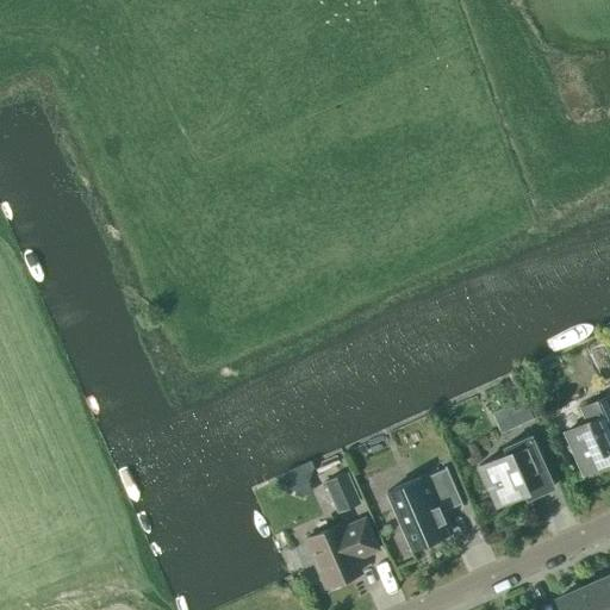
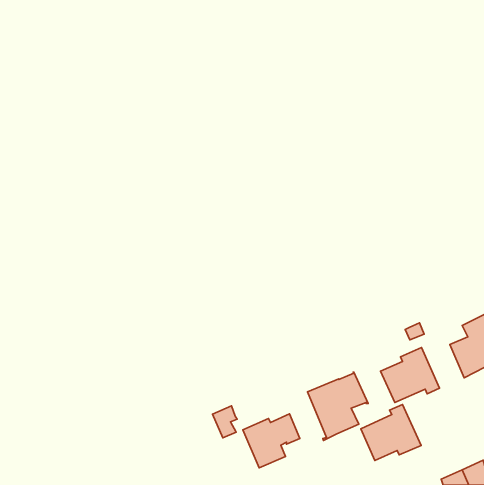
building: [324,472,355,512] -> [212,406,237,438]
building: none -> [361,404,421,461]

